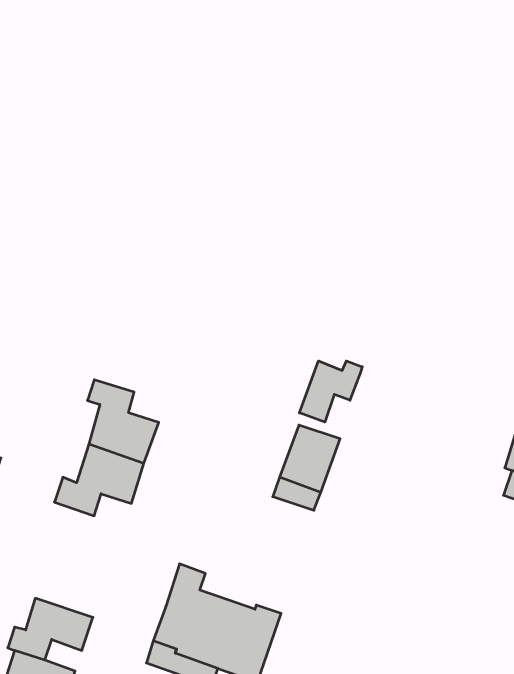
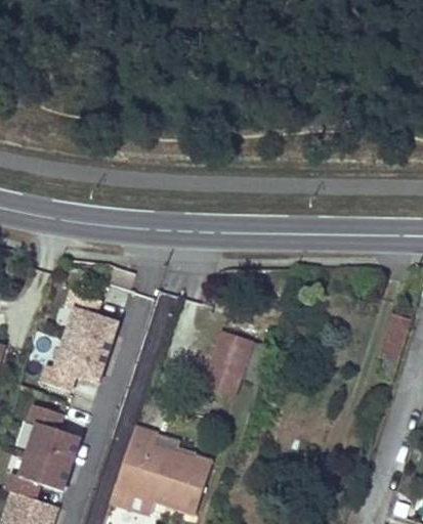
building: [299,361,362,422] -> none
building: none -> [28,405,82,467]

